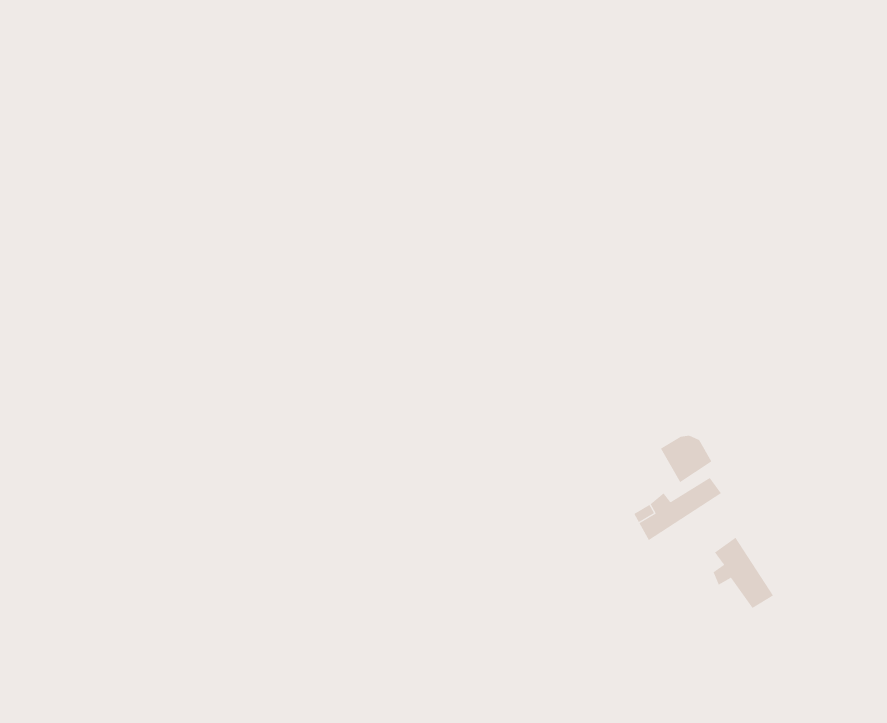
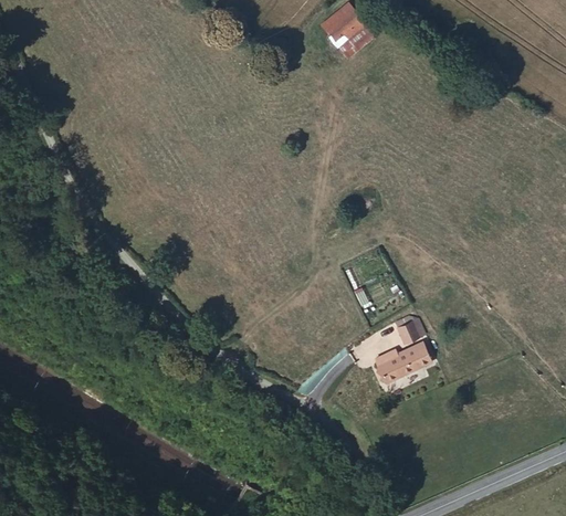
building: [713,537,774,609] -> none

